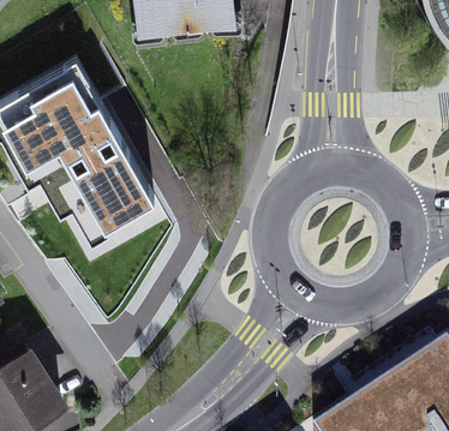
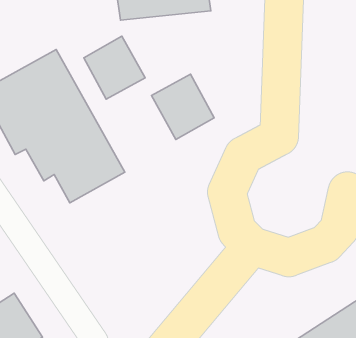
building: none -> [84,36,145,99]
building: none -> [151,74,214,139]

